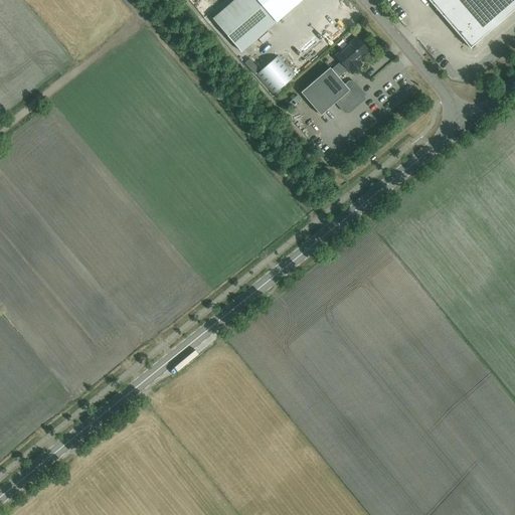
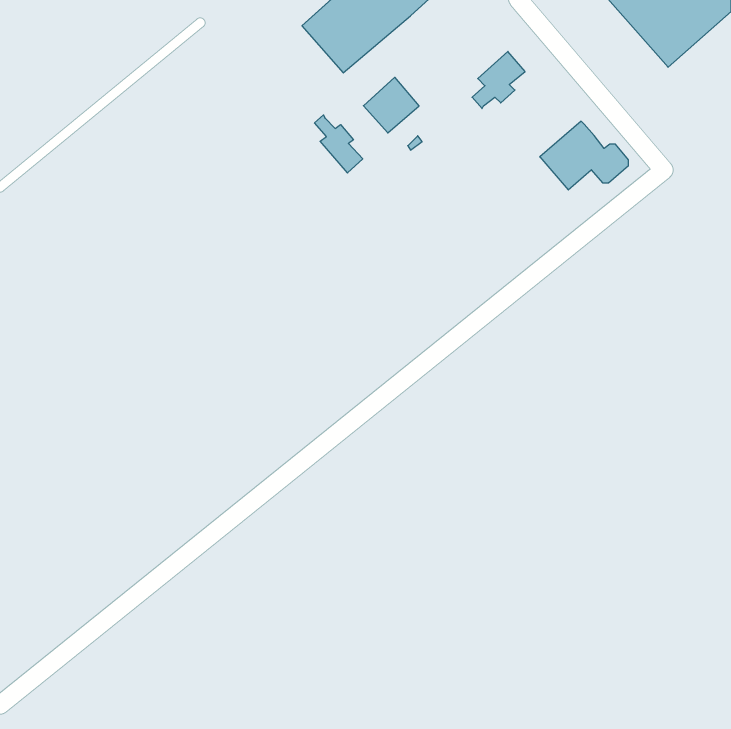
building: [301,66,363,115] -> [540,121,628,190]
building: none -> [315,115,363,173]

